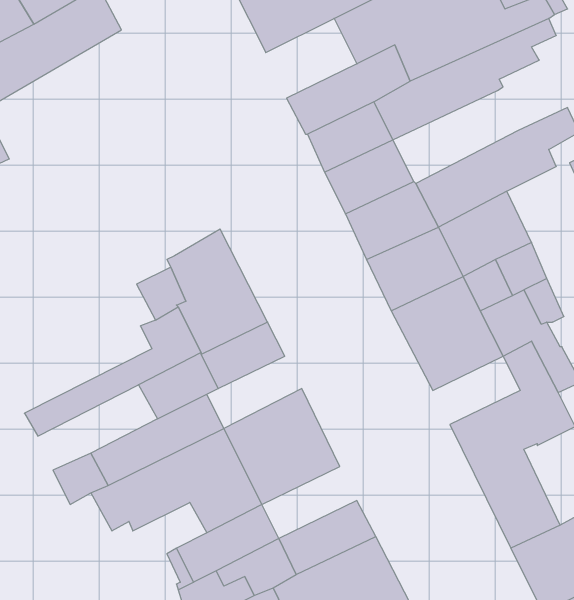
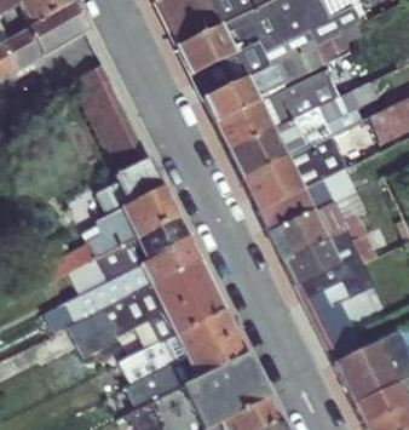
building: none -> [178,24,236,75]
building: none -> [74,64,149,176]
building: none -> [259,70,339,130]
building: none -> [140,240,201,286]
building: none -> [284,240,340,283]
building: none -> [175,310,236,356]

